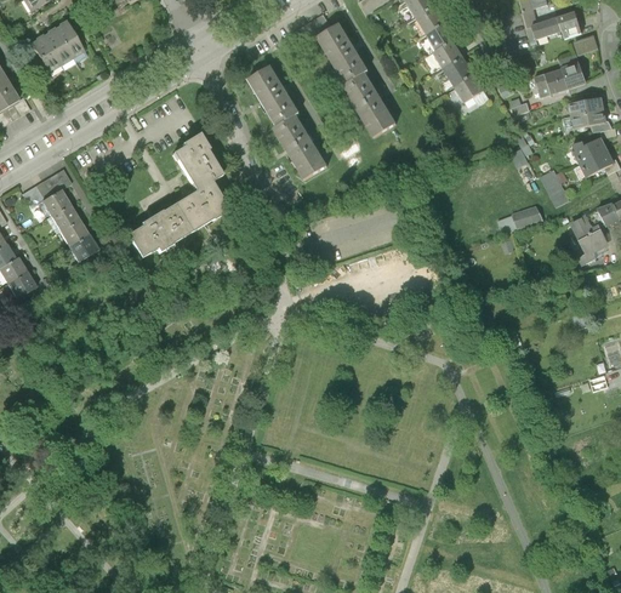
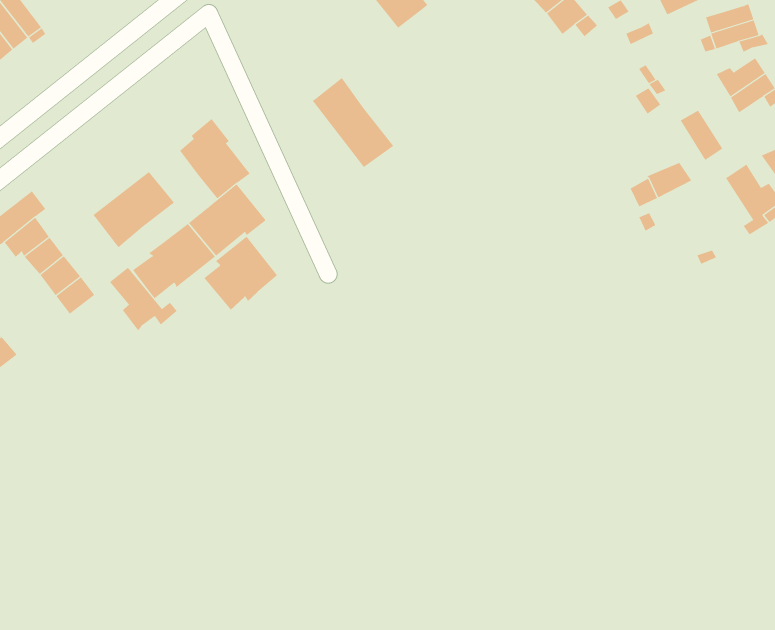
building: [249,65,301,126] -> none
building: [340,70,395,136] -> none
building: none -> [93,171,175,248]
building: none -> [204,236,278,311]
building: none -> [109,267,177,331]

